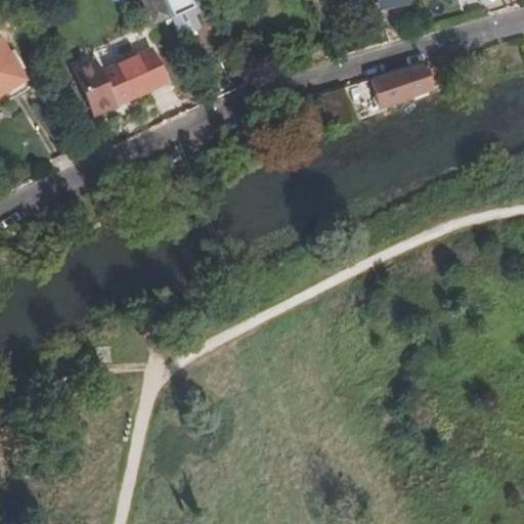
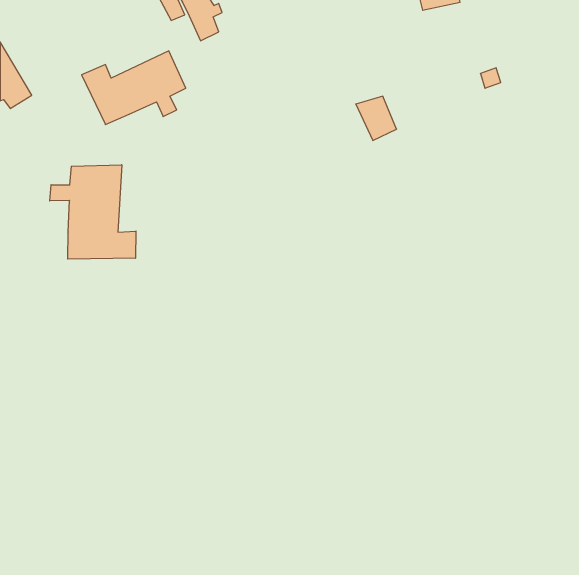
building: [374,63,434,104] -> none
building: none -> [50,165,136,259]

